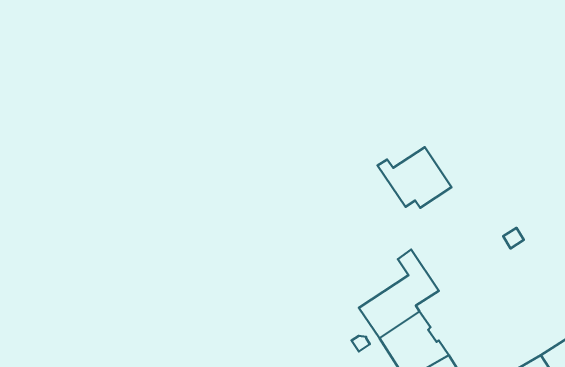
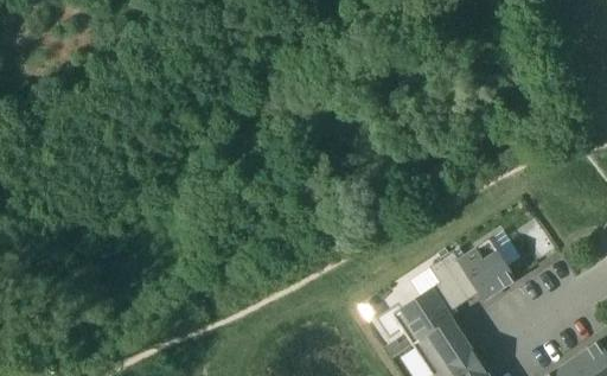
building: [378,147,452,208] -> [445,241,517,300]

